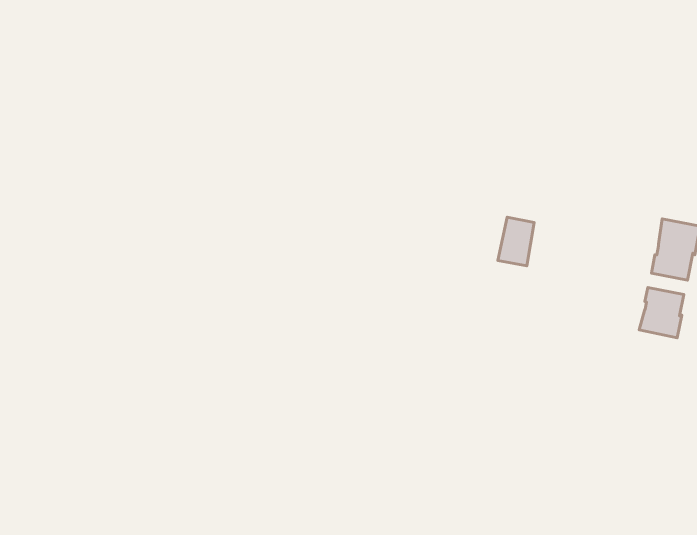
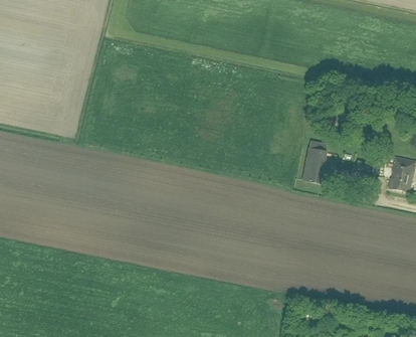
building: [639,287,684,338] -> none

